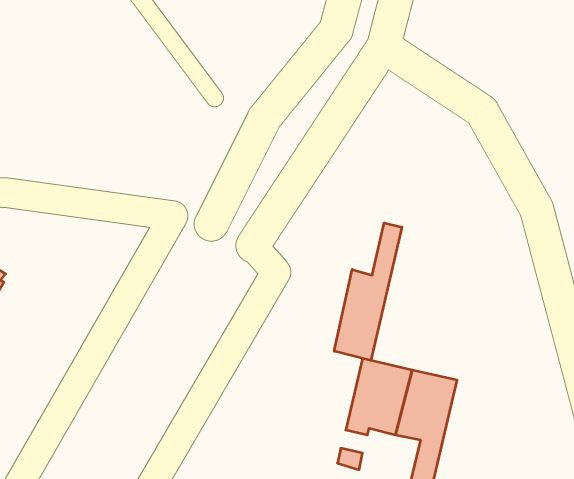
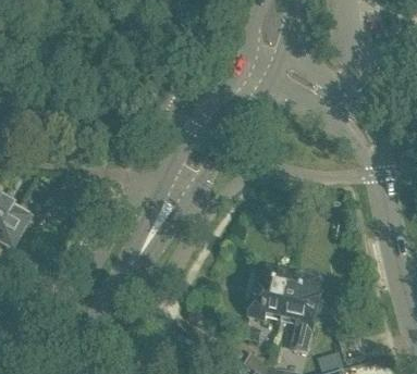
building: [334,223,402,360] -> none

